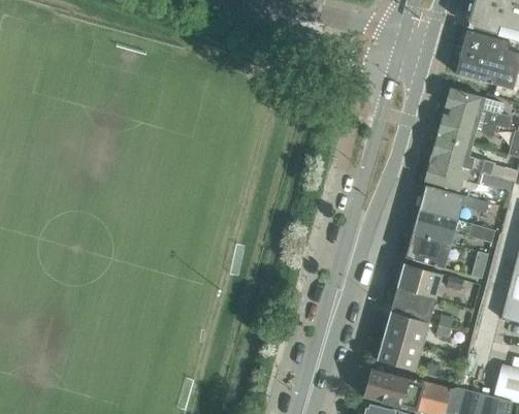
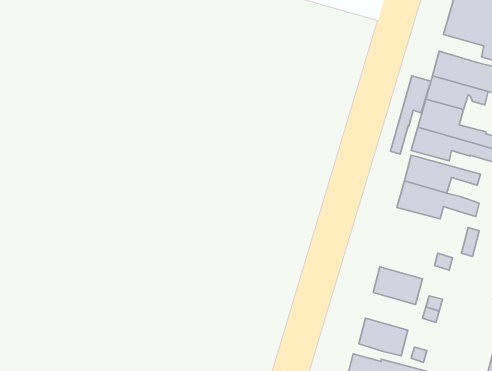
building: none -> [390,76,431,154]
building: [406,233,452,268] -> none
building: [394,262,443,299] -> none
building: [383,312,429,347] -> none

